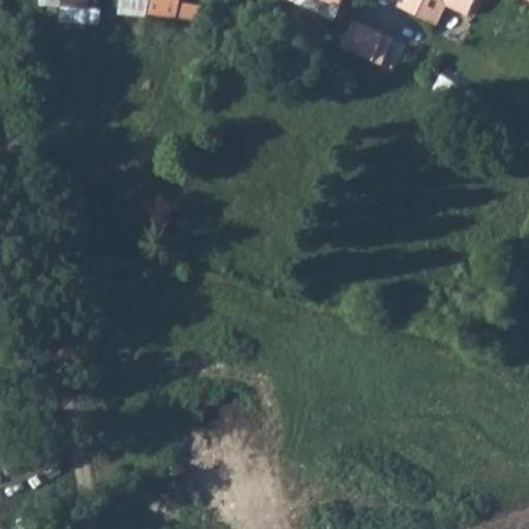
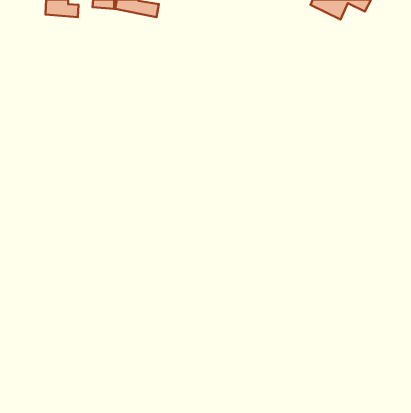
building: [338,22,391,64] -> none

